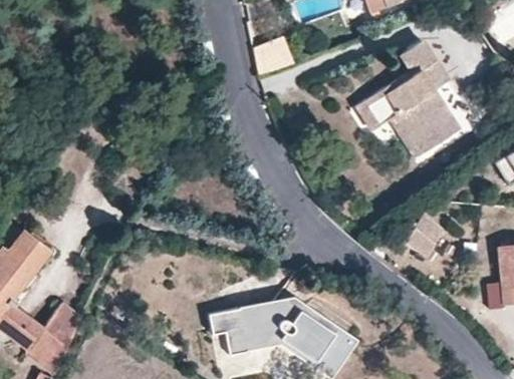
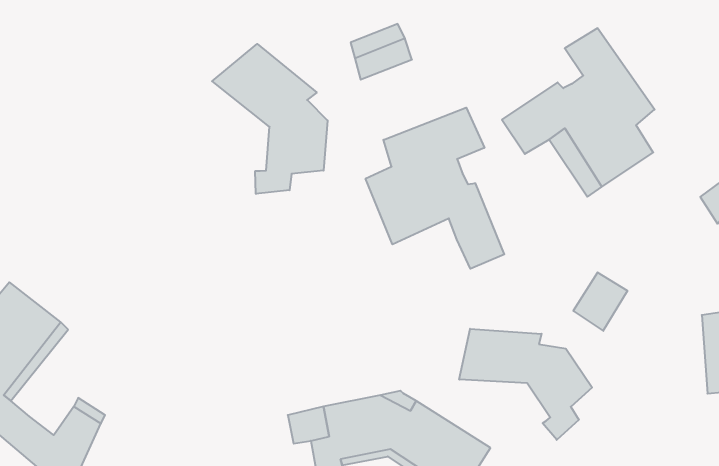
building: none -> [212,44,328,194]
building: none -> [366,108,504,269]
building: none -> [459,329,592,440]

